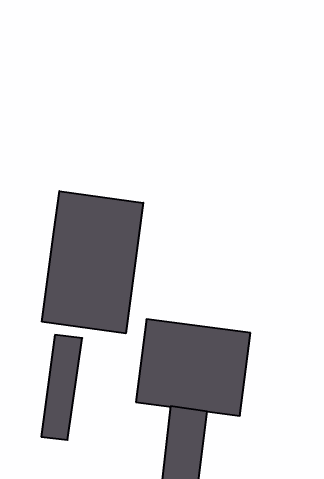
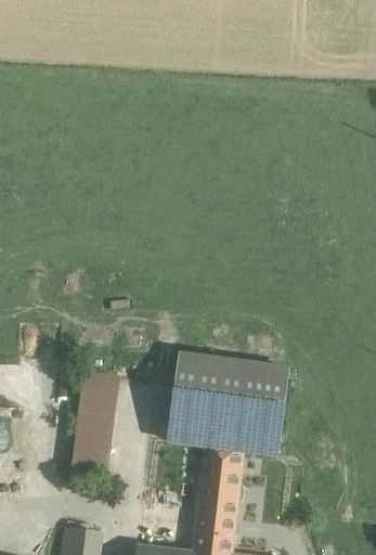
building: [42,191,143,333] -> none

